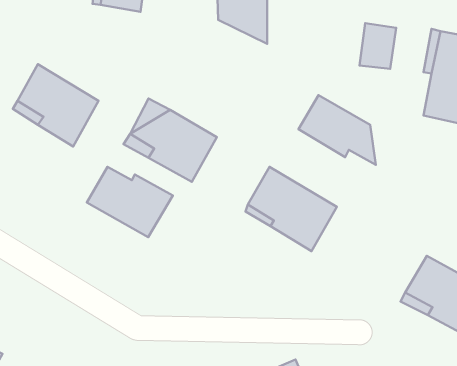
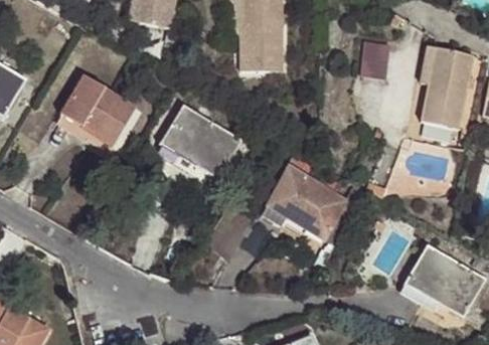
building: none -> [240,35,284,70]
building: [298,95,376,165] -> none
building: [87,167,173,237] -> none

